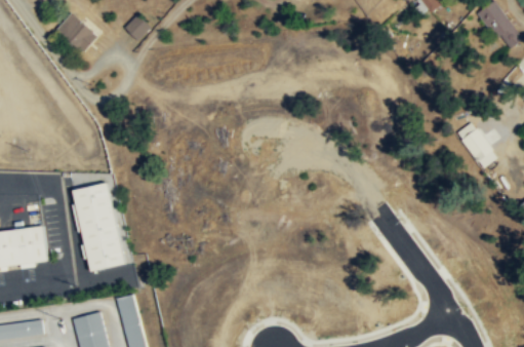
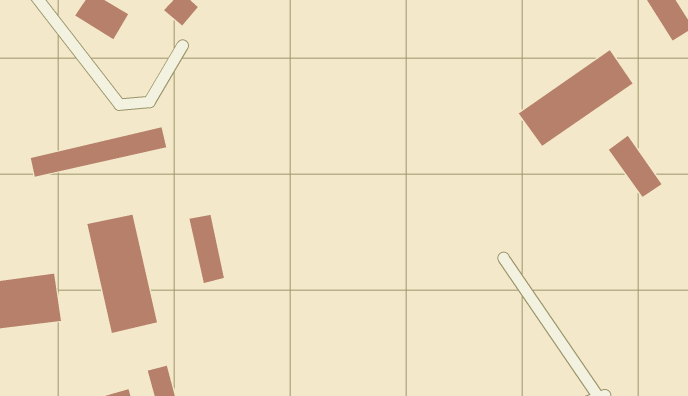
building: none -> [518,49,633,147]
building: none -> [30,127,167,177]
building: none -> [189,214,225,284]

